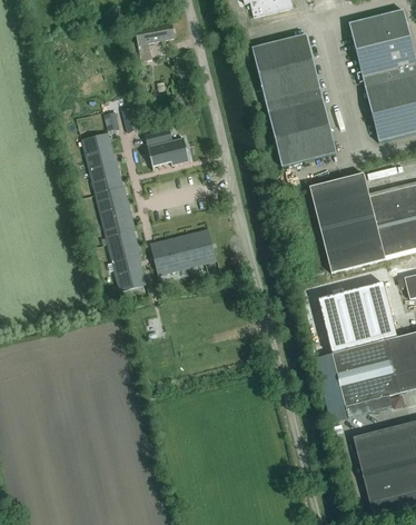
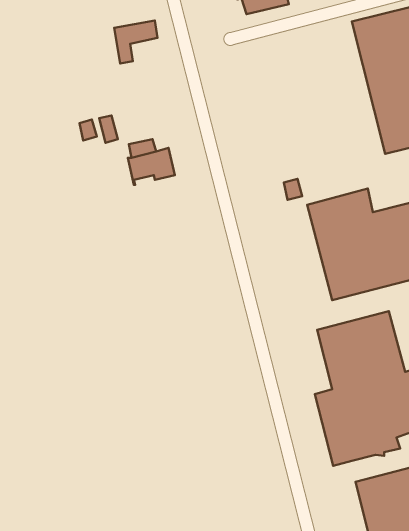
building: [252,33,336,166] -> none
building: [83,138,146,285] -> none
building: [155,228,217,275] -> none

